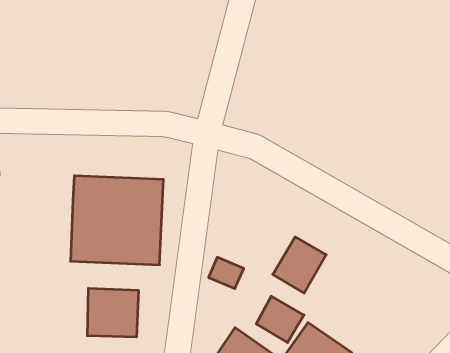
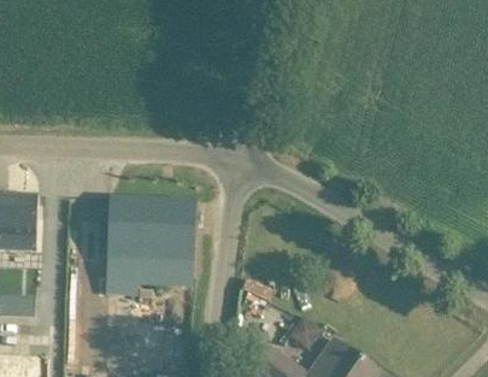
building: [273,237,326,293] -> none
building: [87,288,138,337] -> none

